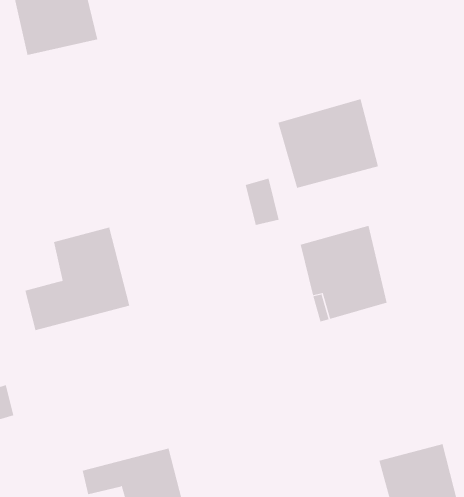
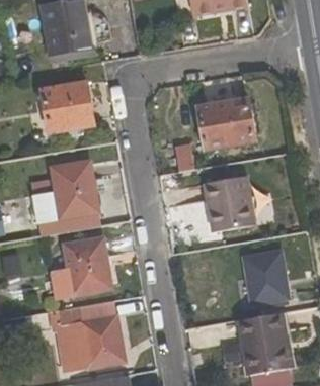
building: none -> [41,82,94,132]
building: none -> [246,254,286,303]
building: none -> [66,238,110,294]

